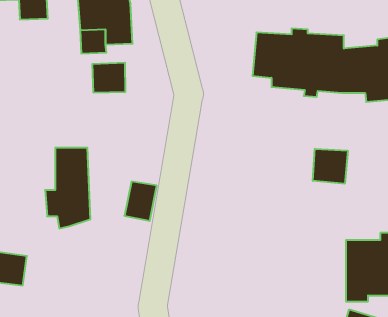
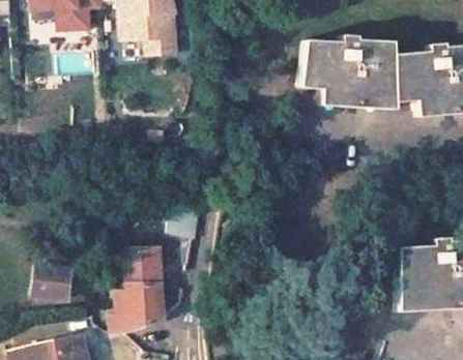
building: [92,63,125,93] -> none
building: [45,148,90,228] -> [115,247,162,330]
building: [313,149,348,184] -> none

